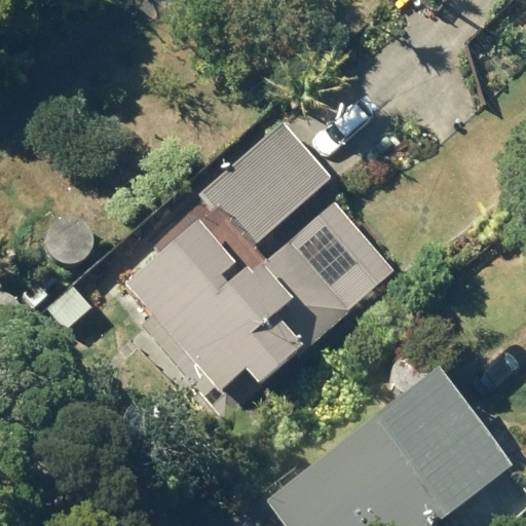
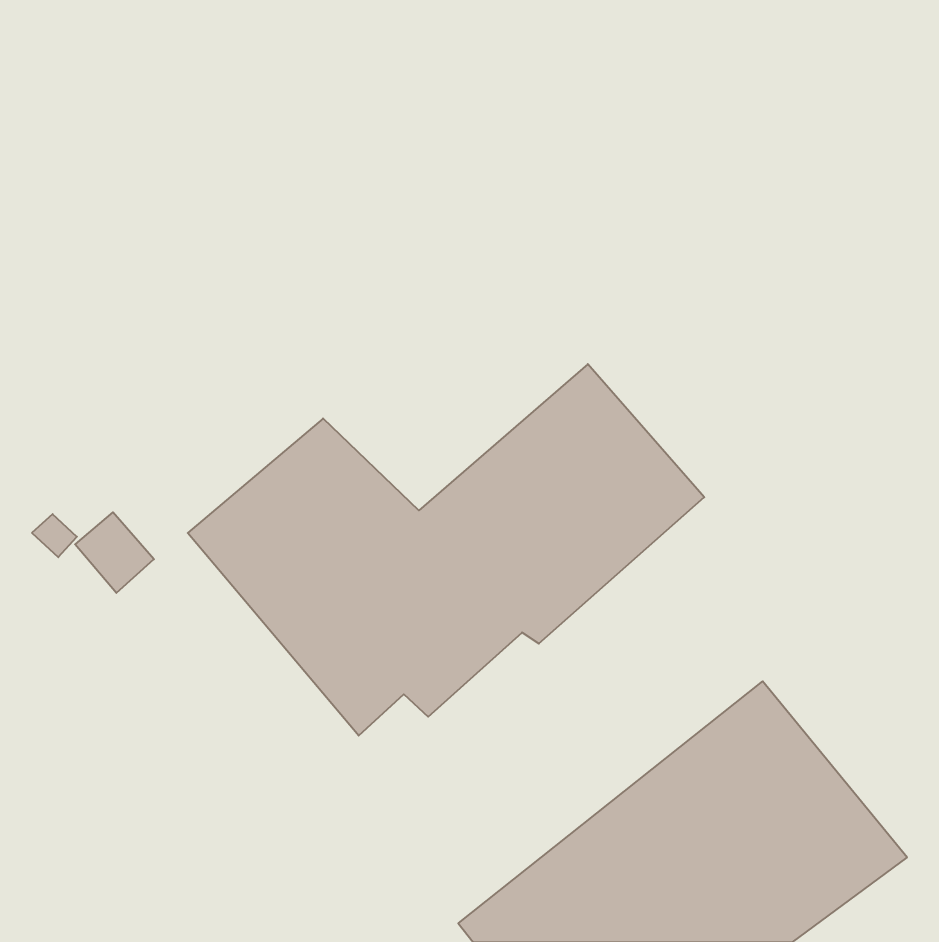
building: [202,121,332,249] -> none

